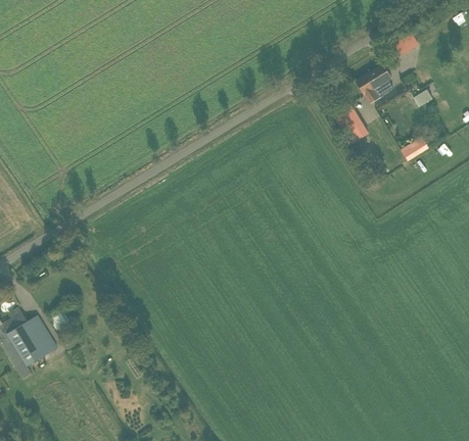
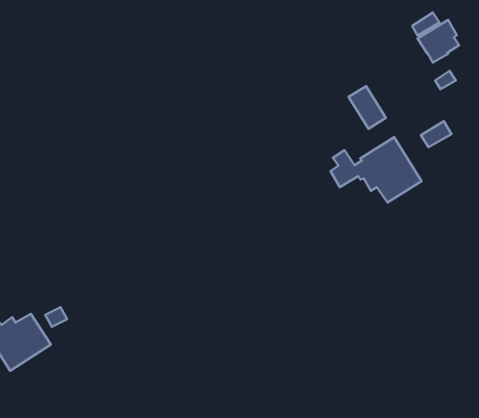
building: [356,63,394,103] -> [418,20,459,63]
building: none -> [330,137,422,202]

